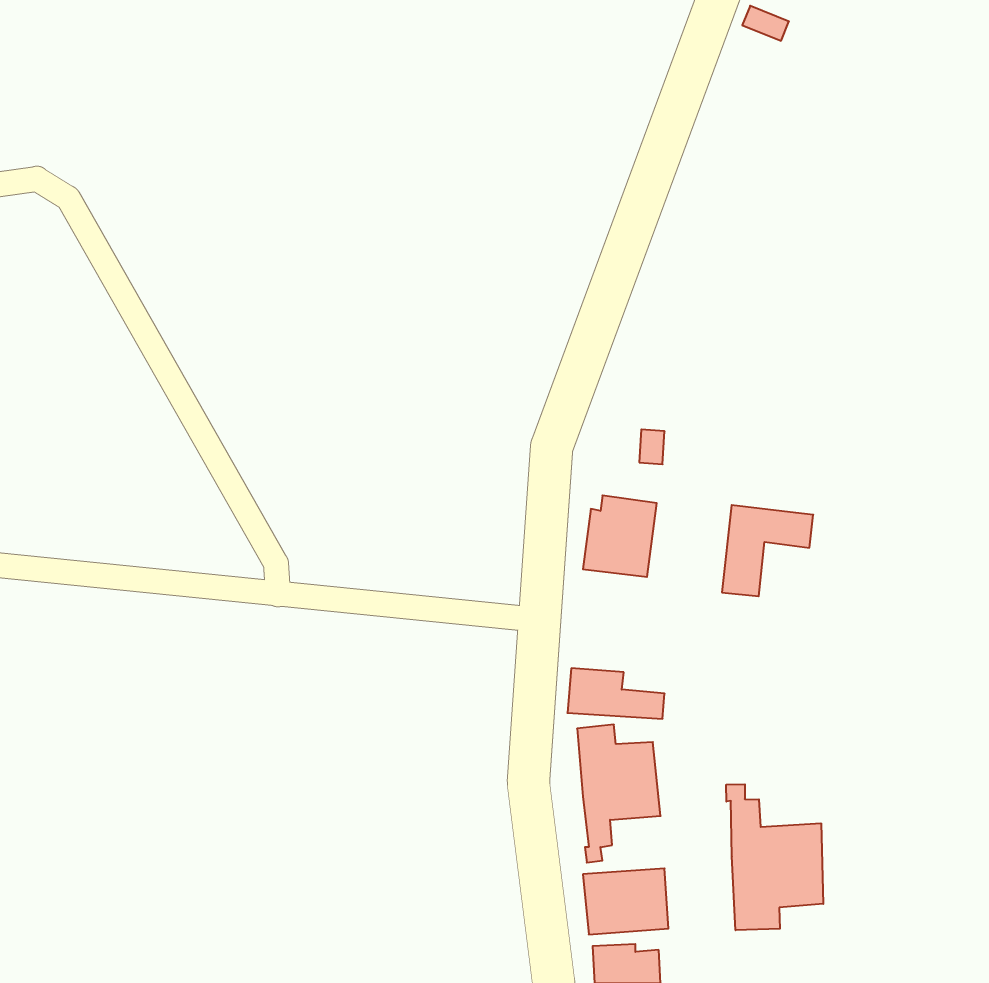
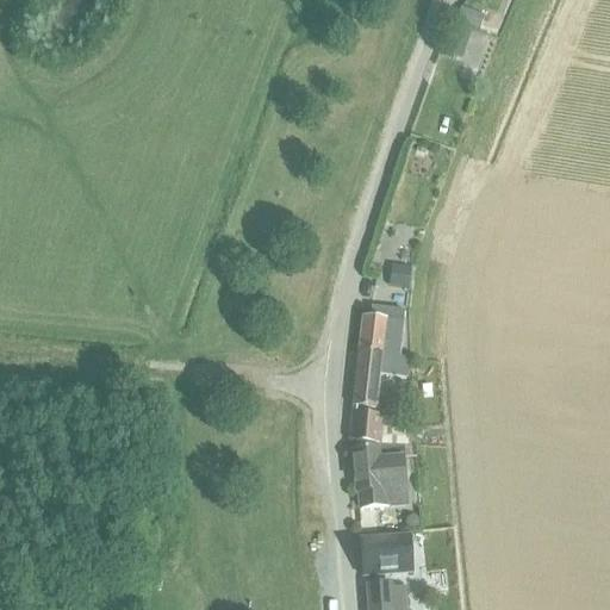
building: [722,505,813,596] -> [351,349,407,405]
building: [726,784,823,930] -> none

